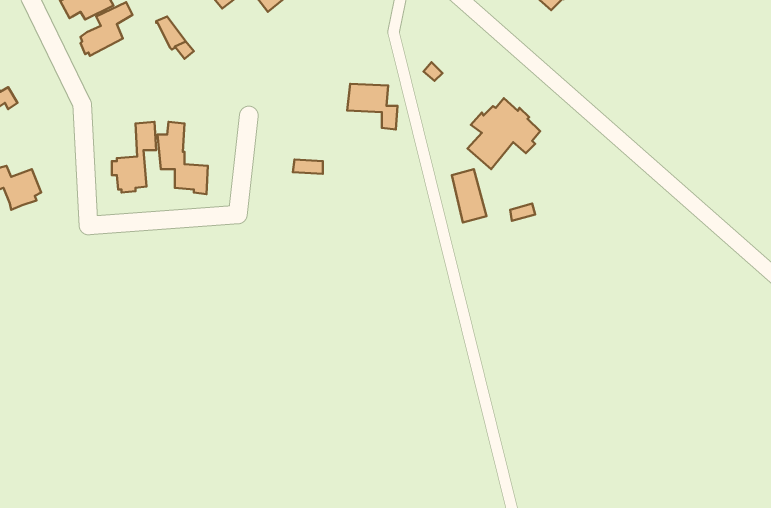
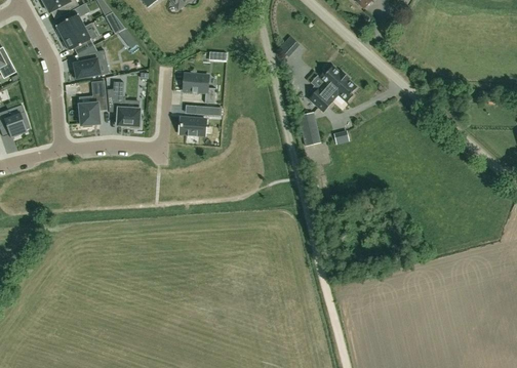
building: none -> [63,26,97,50]
building: none -> [73,49,107,78]
building: [347,84,397,130] -> [183,73,215,103]
building: none -> [180,116,205,135]

